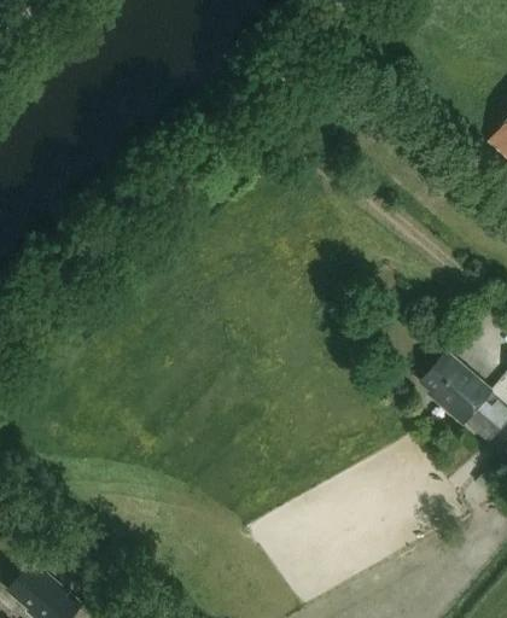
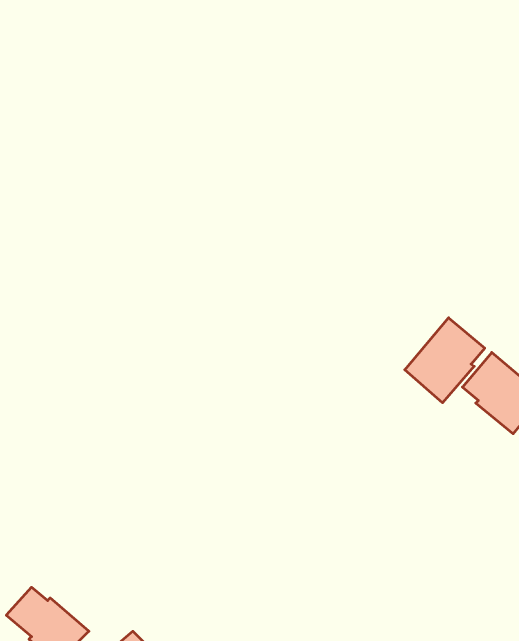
building: none -> [405,318,485,403]

